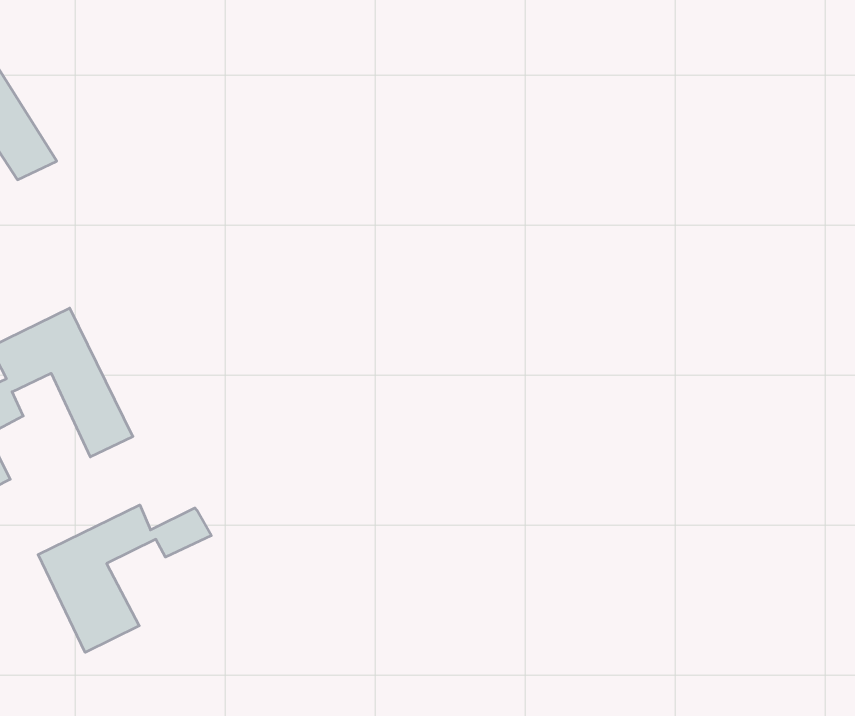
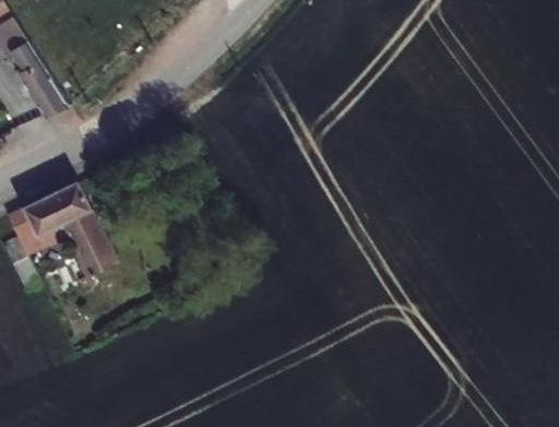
building: [38,505,211,652] -> none

